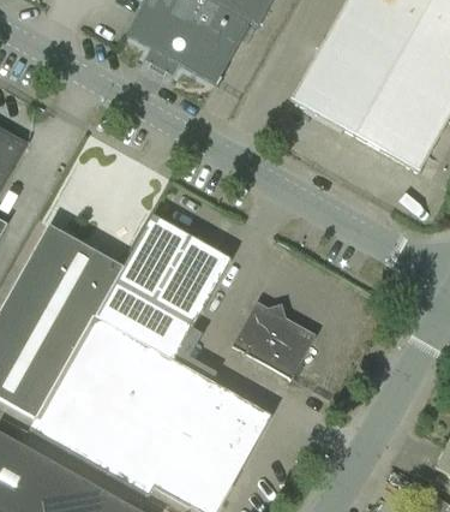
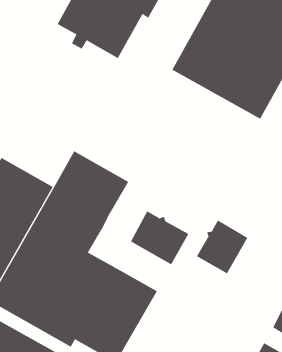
building: none -> [196,219,248,274]

